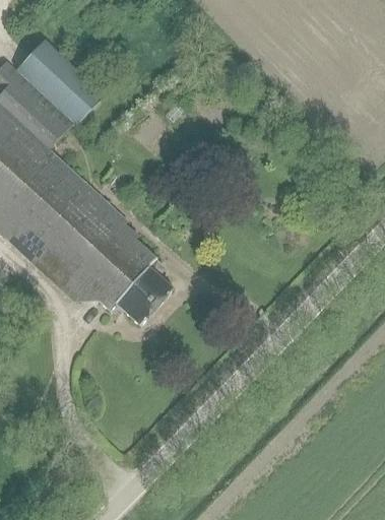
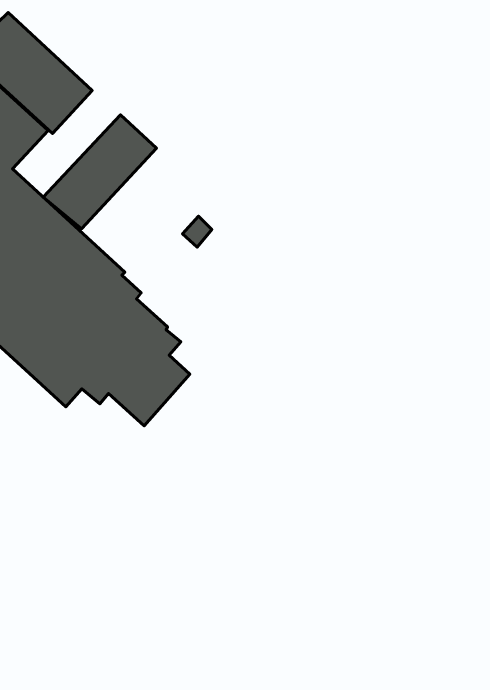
building: none -> [43,115,156,229]

